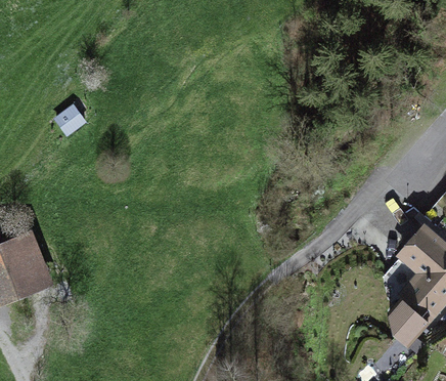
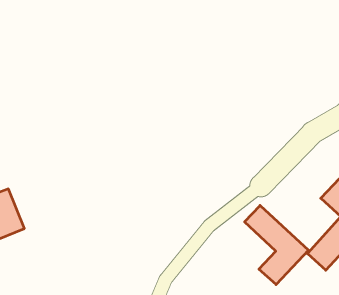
building: none -> [245,205,308,285]

